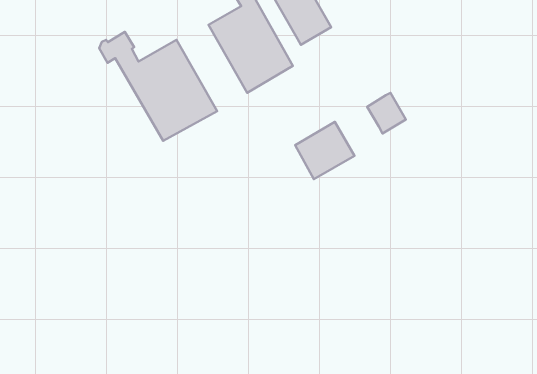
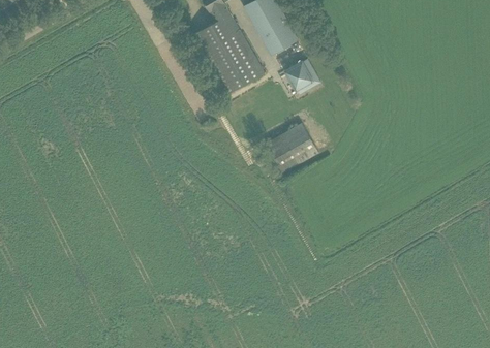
building: [99,32,217,141] -> none
building: [367,93,406,134] -> [286,57,320,93]

